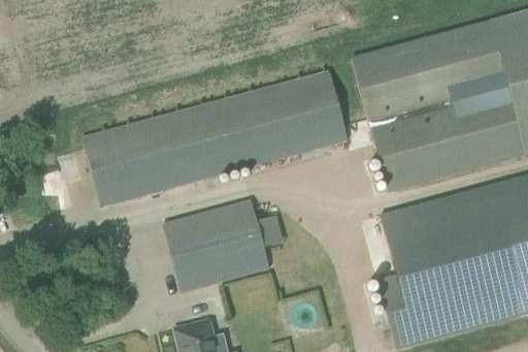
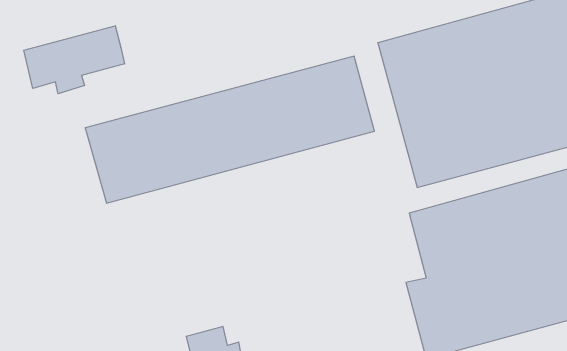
building: none -> [24,26,124,94]
building: [163,199,286,292] -> none

